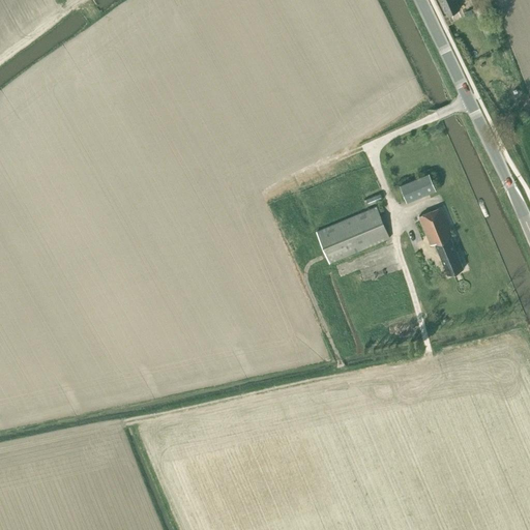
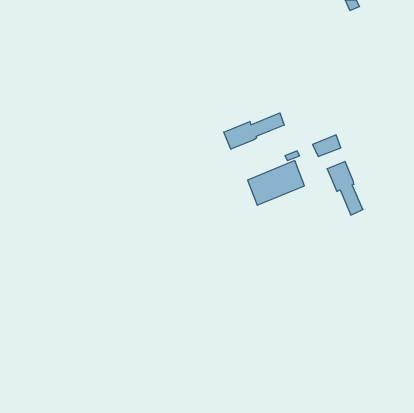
building: none -> [224,113,284,149]

